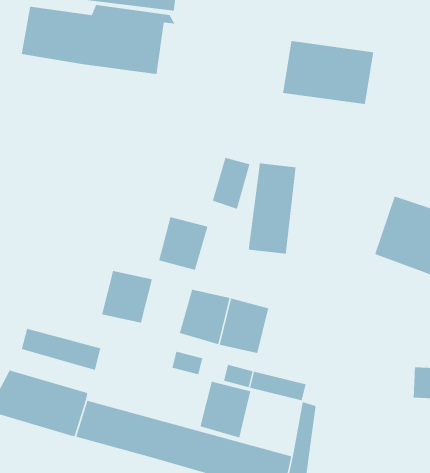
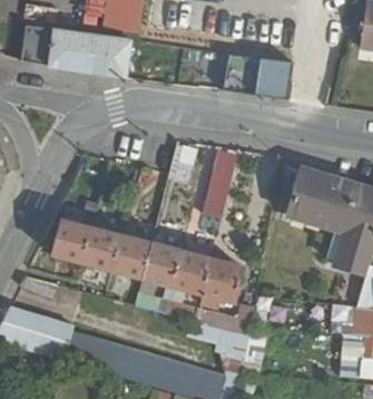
building: [158,216,209,271] -> [111,236,150,279]
building: none -> [50,222,89,264]
building: [200,381,251,438] -> [202,259,242,303]

